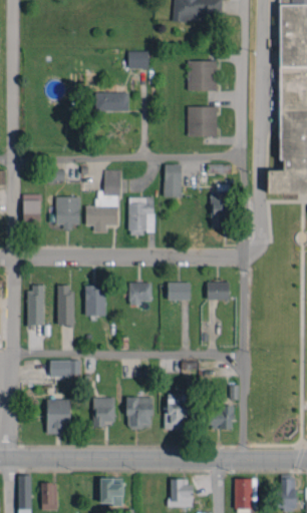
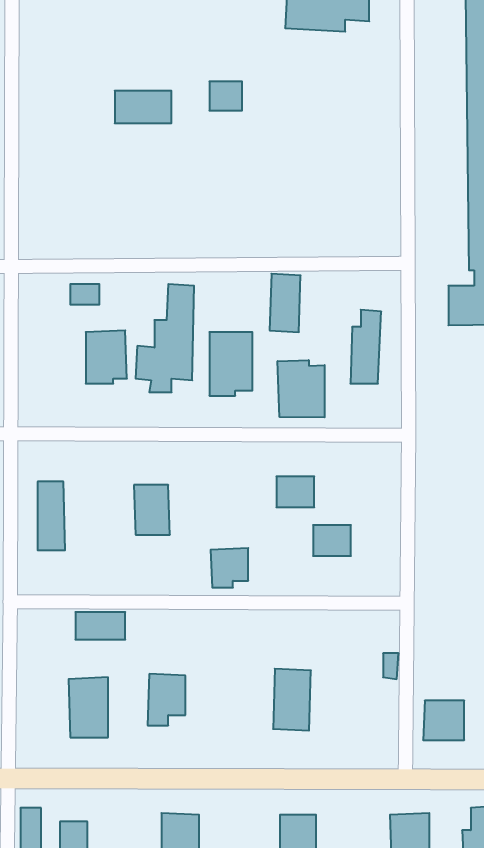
building: [187,60,217,90] -> none
building: [95,92,128,111] -> [115,91,171,123]
building: [187,106,217,136] -> none
building: [22,194,41,225] -> none
building: none -> [278,360,325,417]
building: [128,282,150,305] -> [211,548,248,588]
building: [207,282,229,300] -> [313,525,351,556]
building: [57,285,73,325] -> none
building: [126,397,152,428] -> none
building: [209,406,233,429] -> [423,701,464,740]

